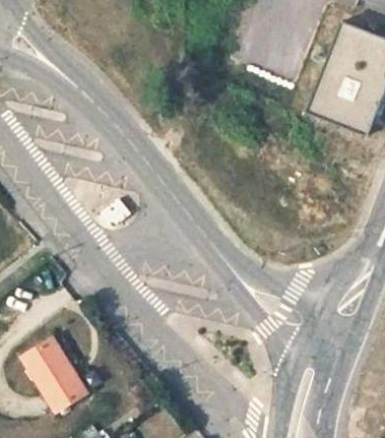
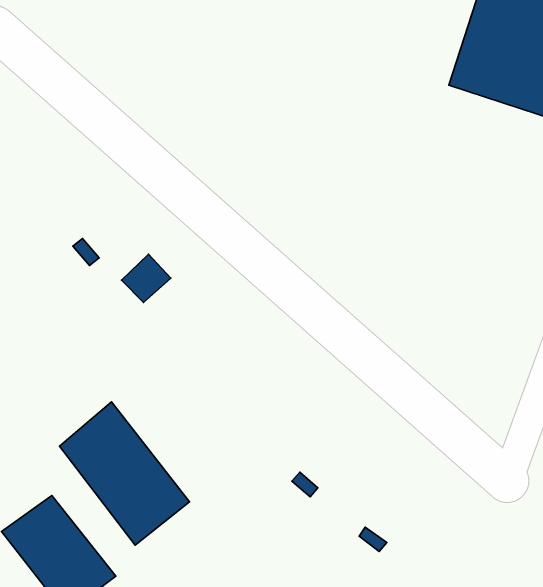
building: none -> [59,402,189,545]

